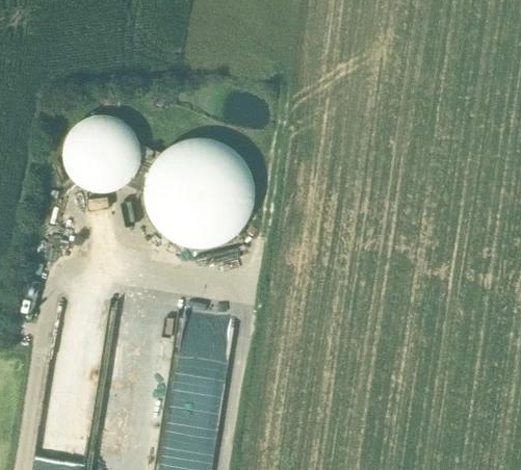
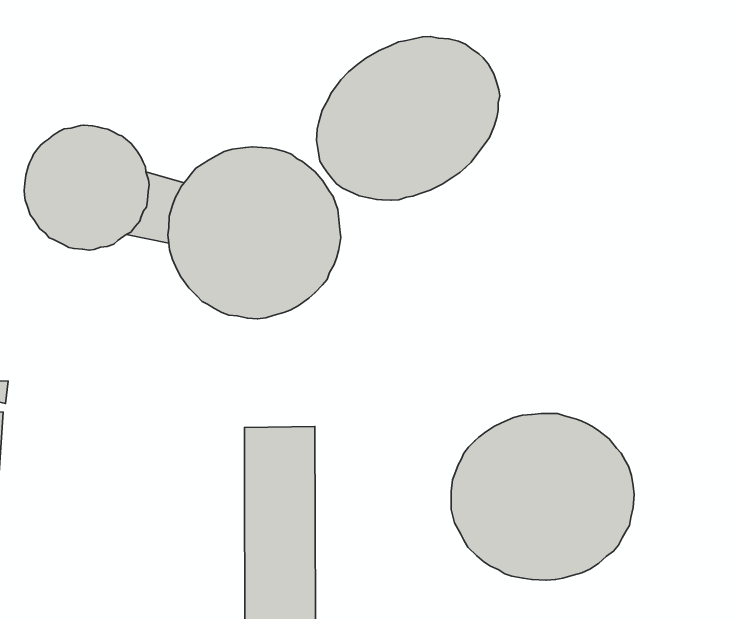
building: none -> [316,37,500,200]
building: none -> [451,414,634,580]

